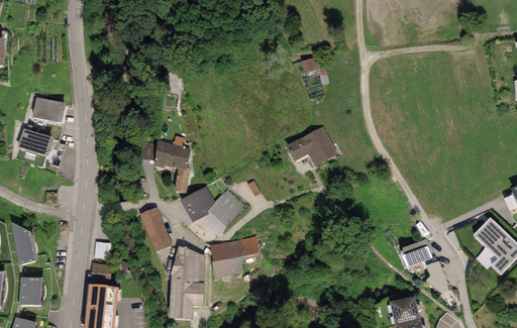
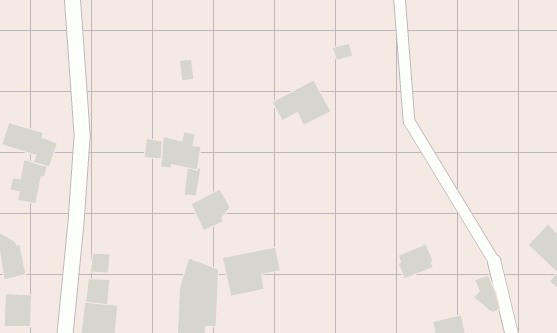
building: [32,97,65,122] -> none
building: [286,126,337,166] -> [272,80,331,125]
building: none -> [10,160,47,204]
building: [192,190,244,234] -> none
building: [140,207,173,251] -> none
building: [402,237,432,267] -> [398,244,433,279]

